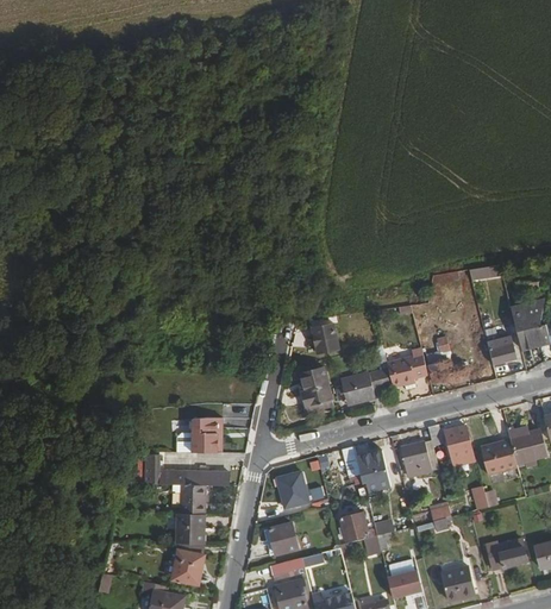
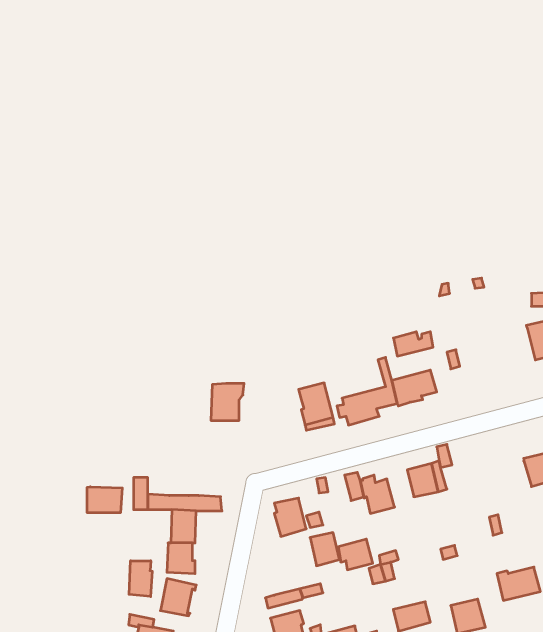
building: [487,316,521,365] -> none
building: [313,322,339,351] -> none
building: [428,359,465,382] -> [393,332,433,356]
building: [192,421,223,456] -> [211,383,244,420]
building: [445,425,475,459] -> none
building: [481,439,516,473] -> none
building: none -> [87,487,122,513]
building: [270,522,298,553] -> [310,533,339,566]
building: none -> [129,561,152,597]

